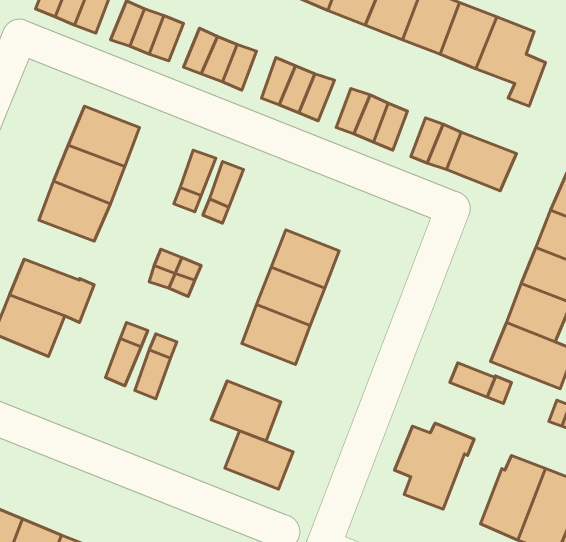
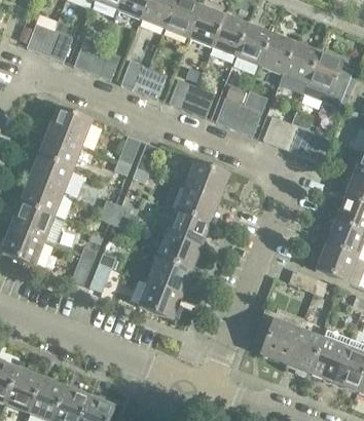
building: none -> [185,161,228,199]
building: none -> [20,180,64,218]
building: [225,431,293,489] -> [148,258,191,295]
building: none -> [285,328,322,376]

